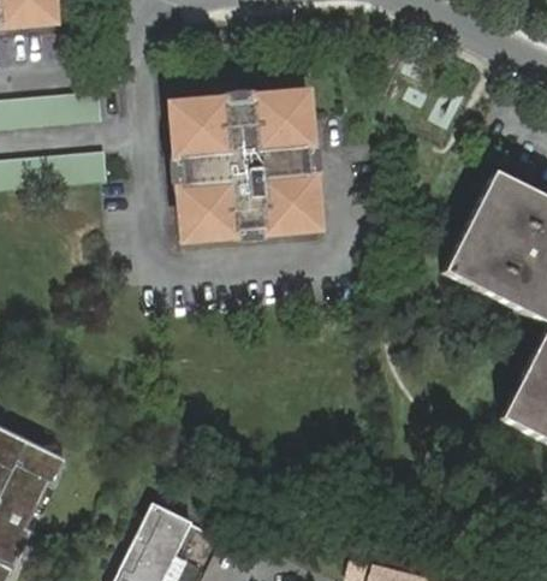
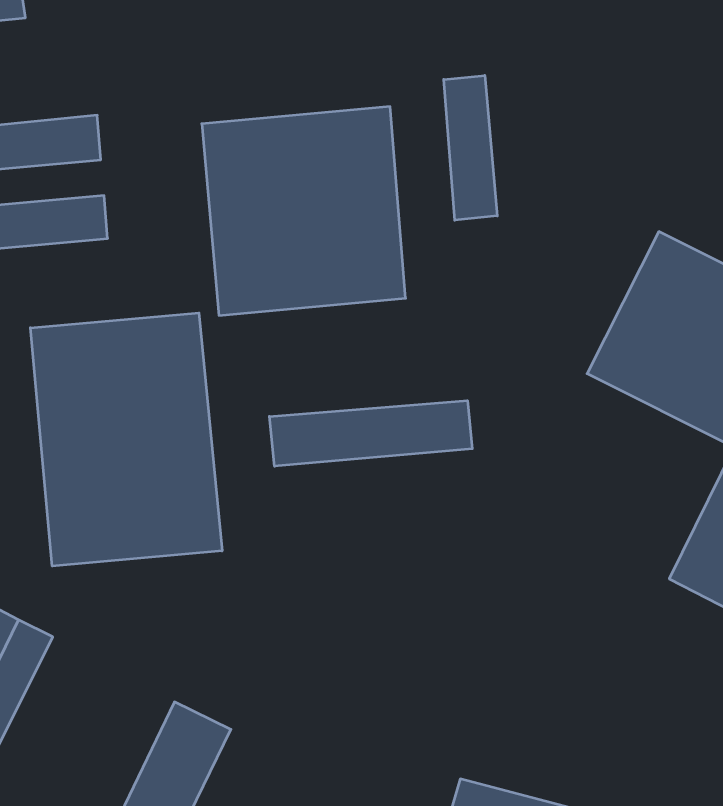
building: none -> [444,75,497,220]
building: none -> [30,313,222,566]
building: none -> [269,401,472,466]

